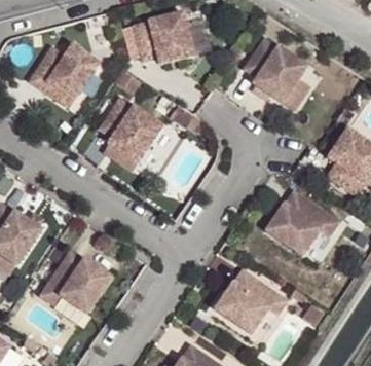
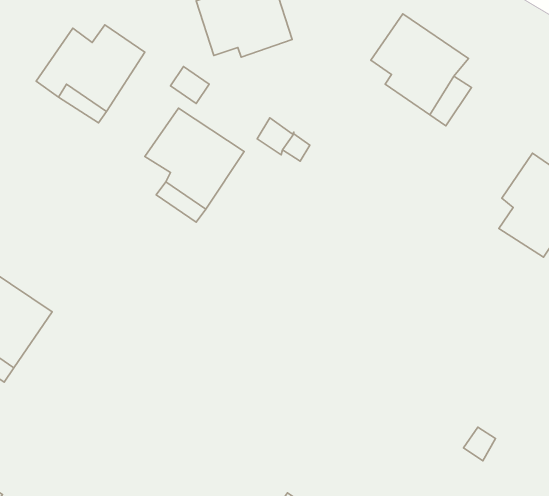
building: [267,190,339,254] -> none
building: [39,250,109,313] -> none
building: [216,269,288,334] -> none

